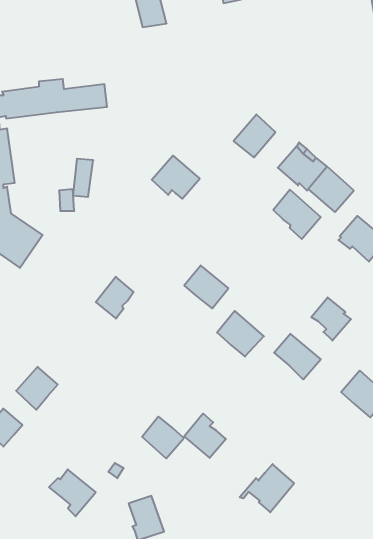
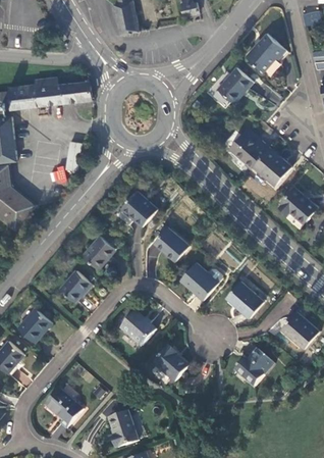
building: none -> [246,34,284,72]
building: [234,114,275,157] -> [218,68,252,103]
building: [152,156,200,199] -> [118,192,157,226]
building: [273,190,321,239] -> none
building: [311,297,351,341] -> none
building: none -> [61,270,93,302]
building: [142,417,184,458] -> [122,313,156,347]
building: [240,464,294,512] -> [230,347,274,386]

